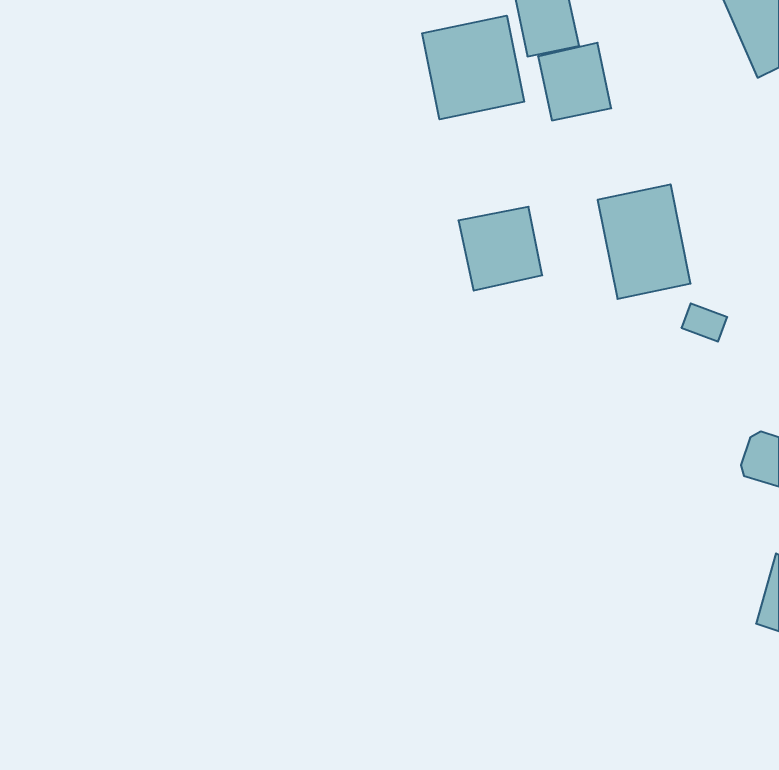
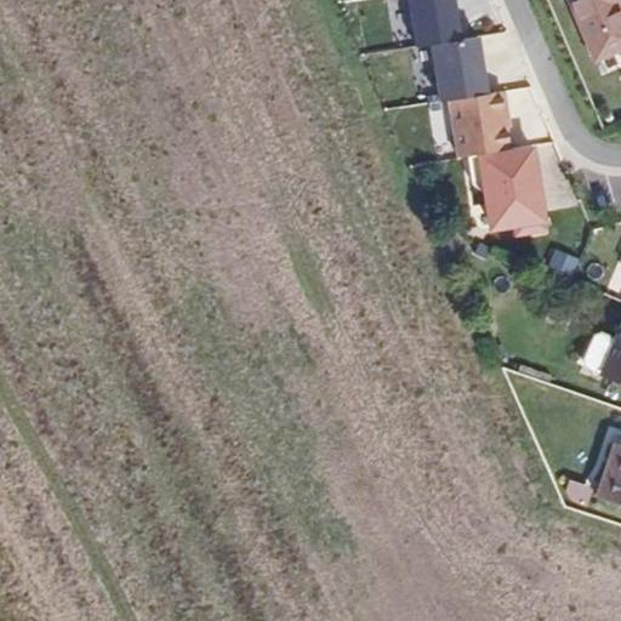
building: [422,16,524,119] -> none
building: [458,207,542,291] -> [448,87,514,154]

